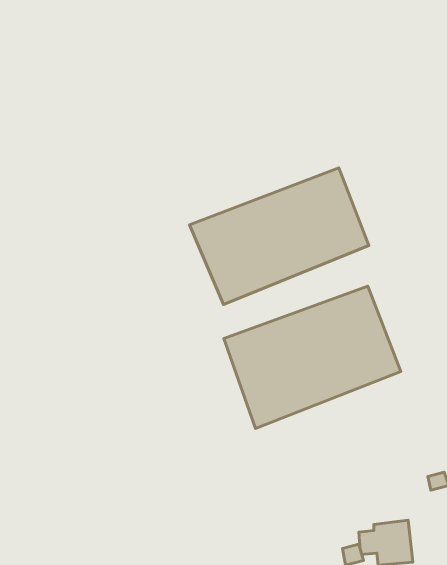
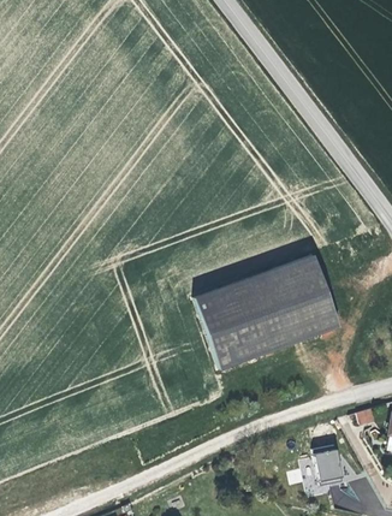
building: [189,168,369,305] -> none

